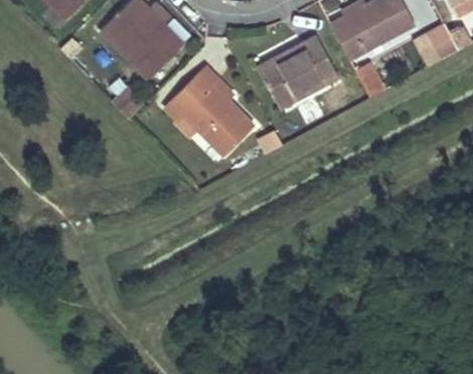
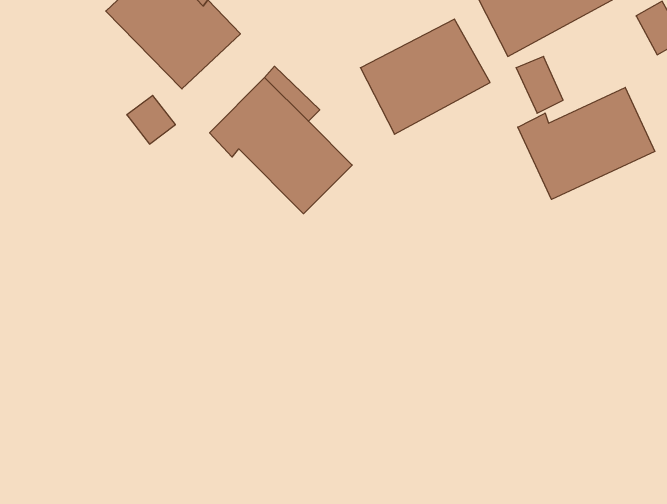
building: none -> [518,87,655,199]

